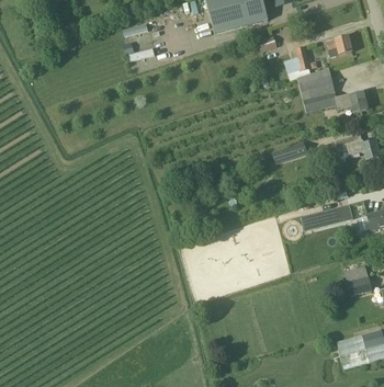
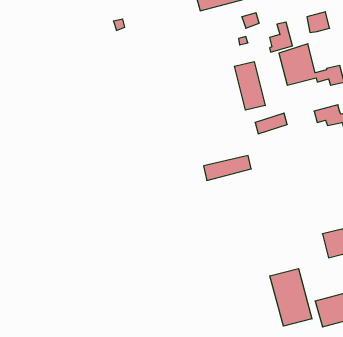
building: none -> [234,62,265,110]
building: [301,205,351,231] -> [204,156,251,180]
building: none -> [270,269,312,326]

